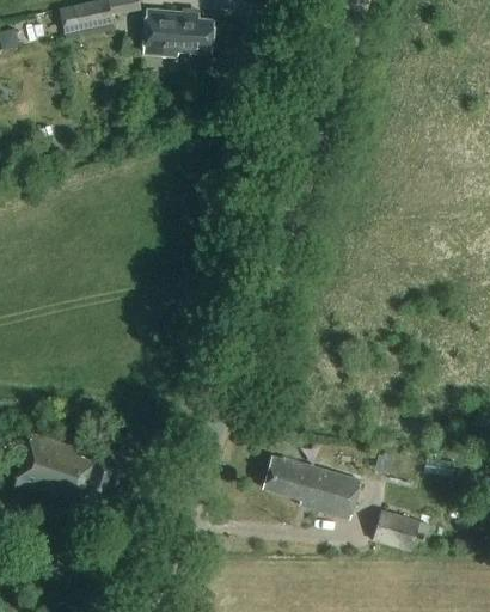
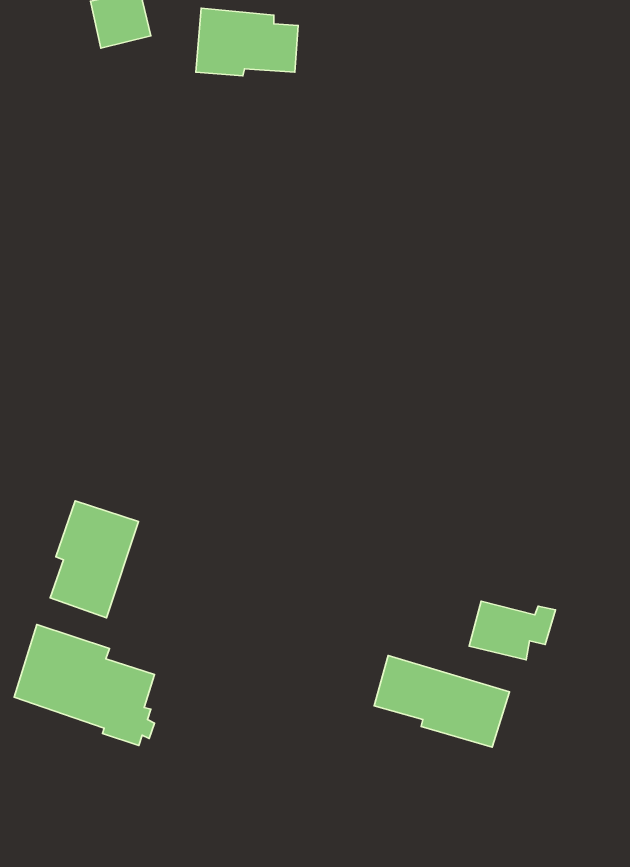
building: none -> [50,501,139,618]
building: [368,508,428,549] -> [469,601,556,660]

